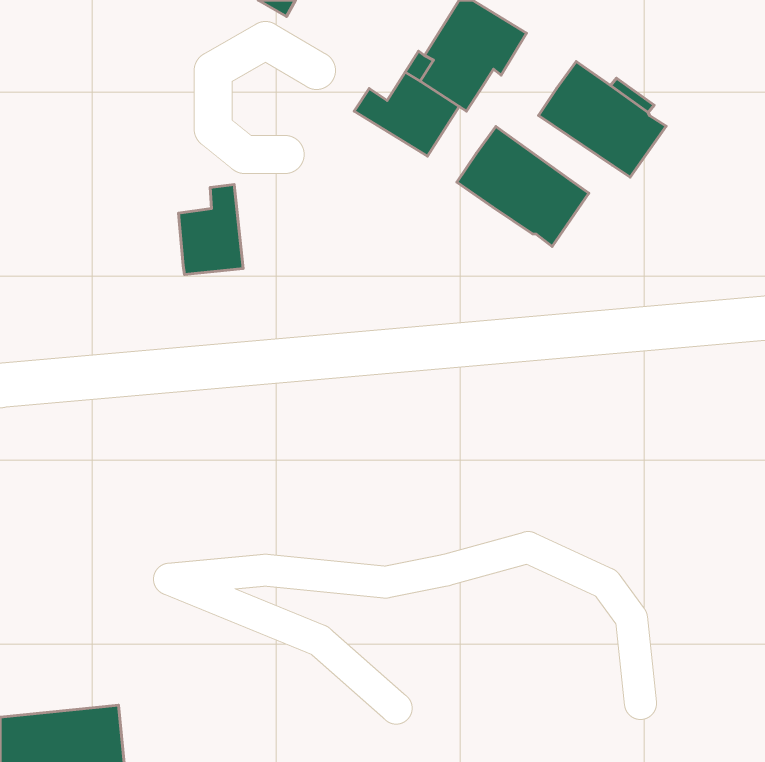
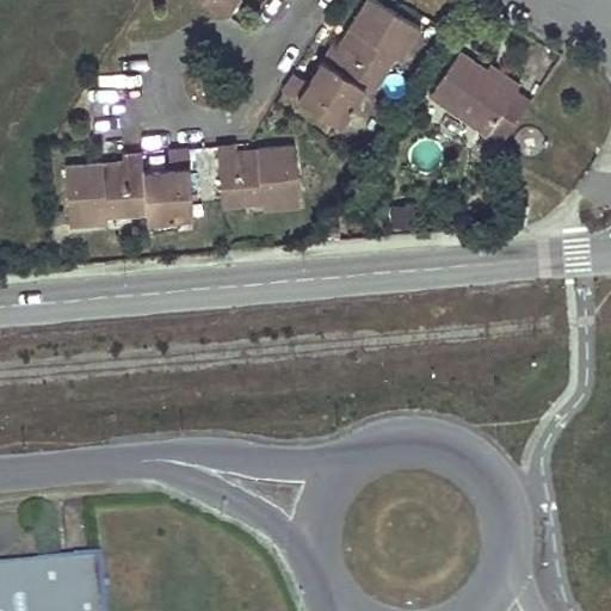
building: [457,126,589,246] -> none
building: none -> [217,147,300,210]
building: none -> [64,155,147,229]

